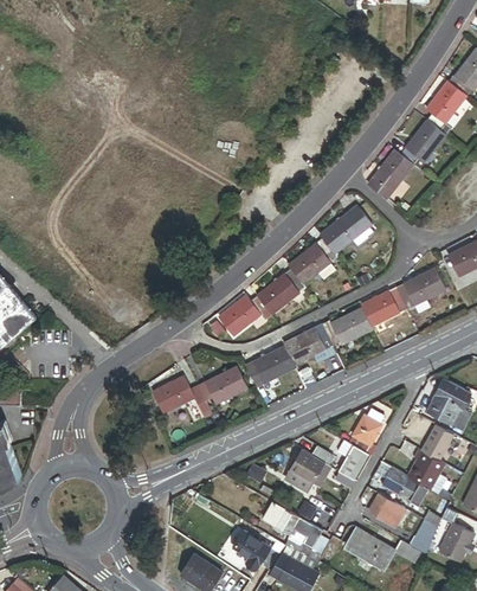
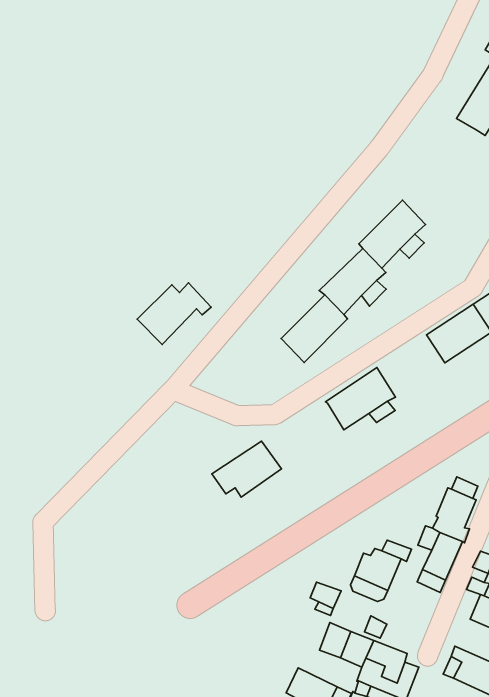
building: [368,149,413,198] -> none
building: [219,295,272,336] -> [137,283,211,345]
building: [323,307,374,346] -> none
building: [246,345,296,387] -> none
building: [153,375,212,417] -> none

